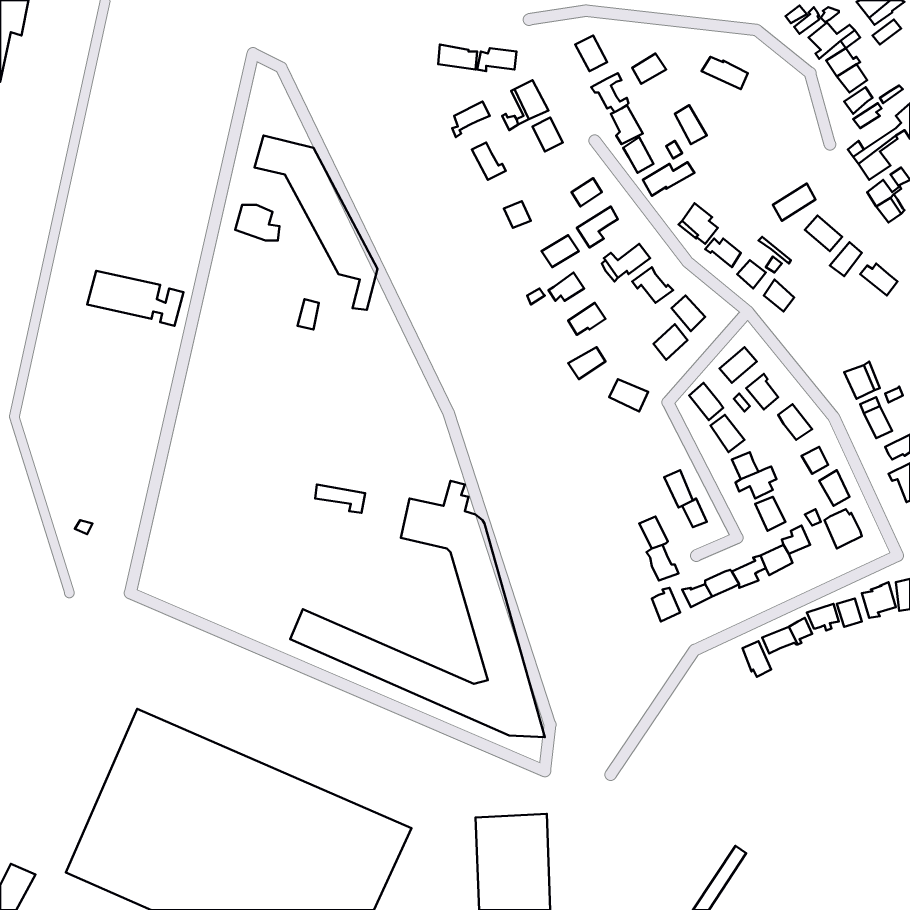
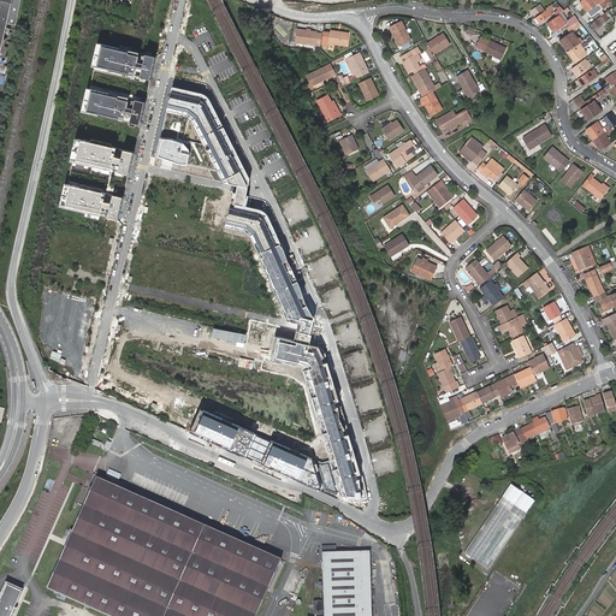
building: none -> [91,42,156,84]
building: none -> [82,88,147,125]
building: none -> [70,138,134,176]
building: none -> [231,207,316,327]
building: none -> [463,482,535,569]

